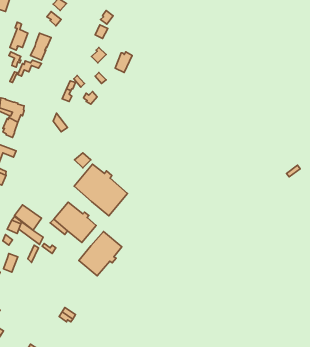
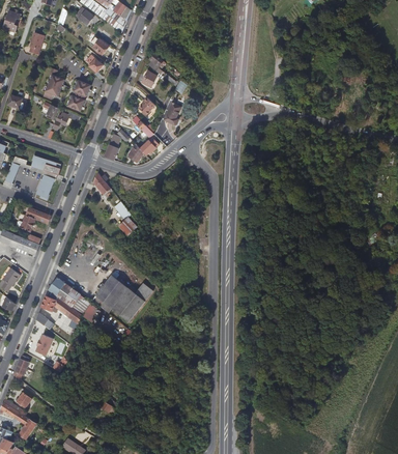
building: [74,164,128,216] -> none
building: [79,231,122,276] -> none

